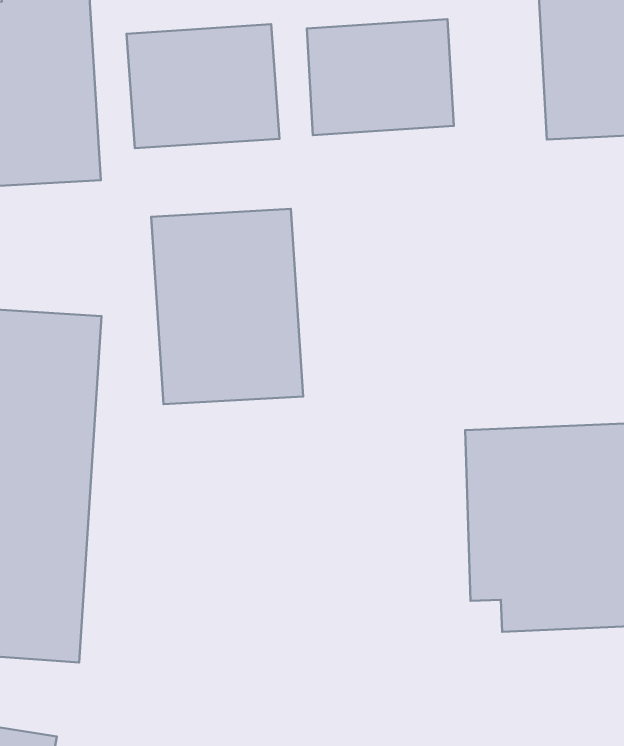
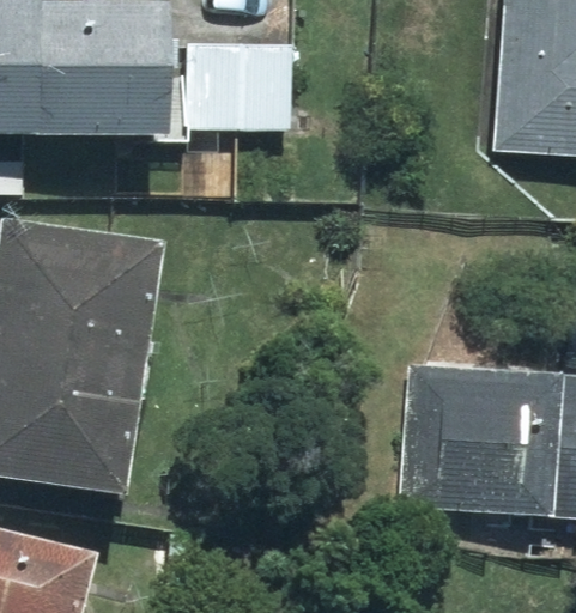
building: [307,19,454,135] -> none
building: [151,209,303,404] -> none

